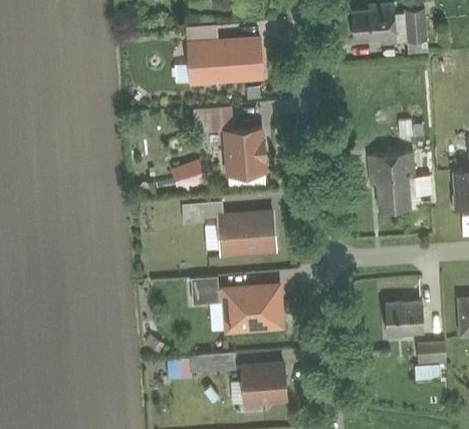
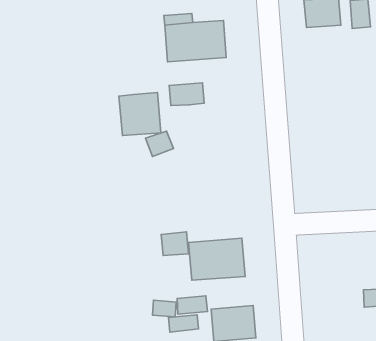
building: [220,128,268,177] -> [119,93,161,136]
building: [372,154,416,214] -> none
building: [215,210,276,253] -> none
building: [383,300,428,335] -> none
building: none -> [169,315,198,332]

